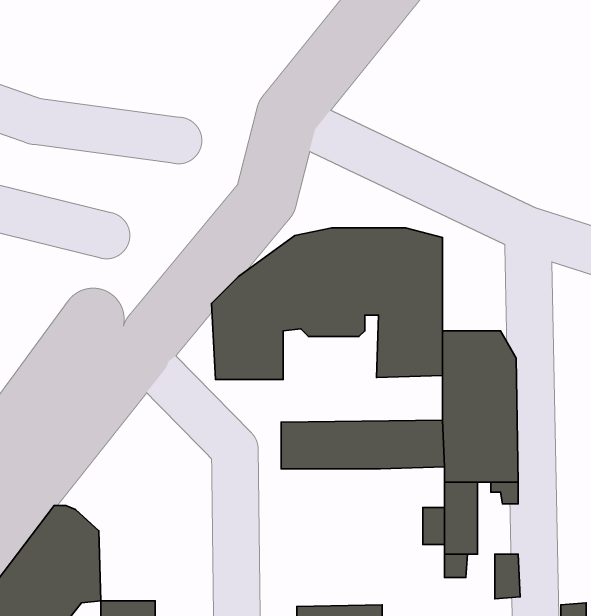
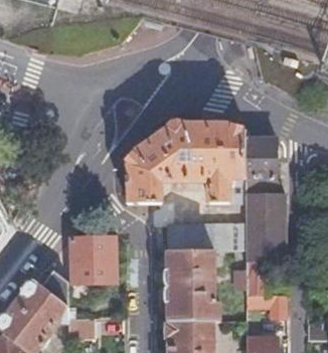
building: none -> [244,131,275,179]
building: none -> [70,238,115,281]
building: none -> [168,250,218,322]

